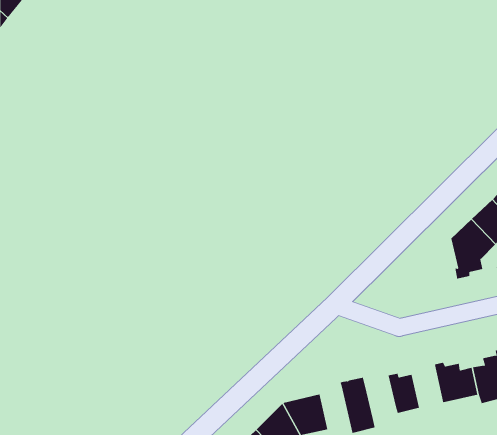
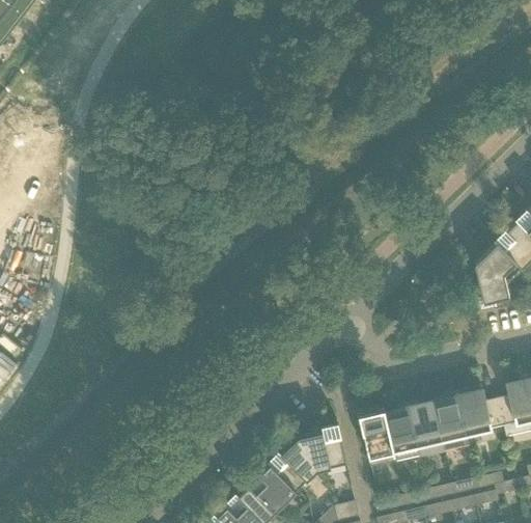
building: none -> [435,393,470,450]
building: none -> [386,404,421,461]

